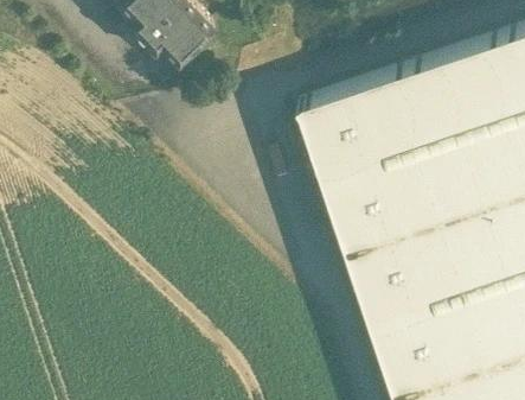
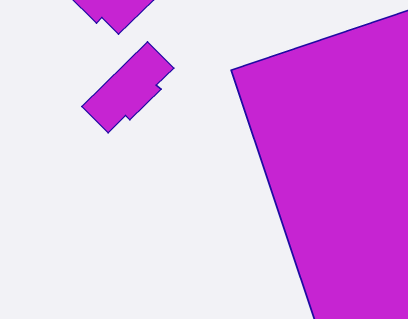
building: none -> [82,42,174,133]

